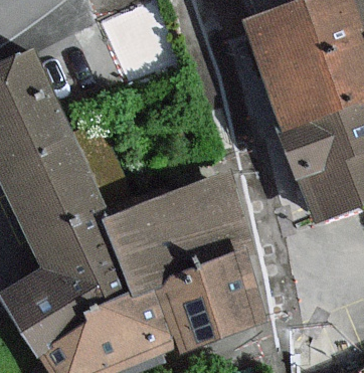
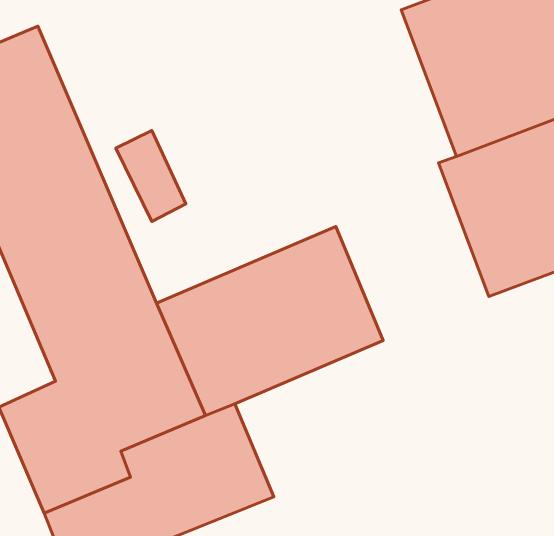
building: [152,248,268,345] -> none

